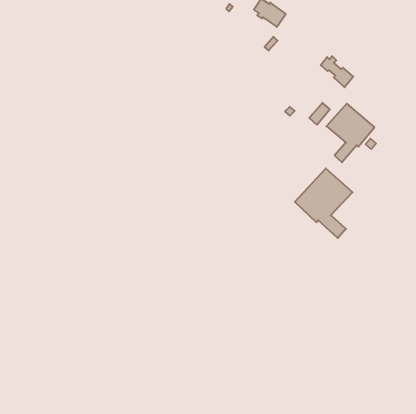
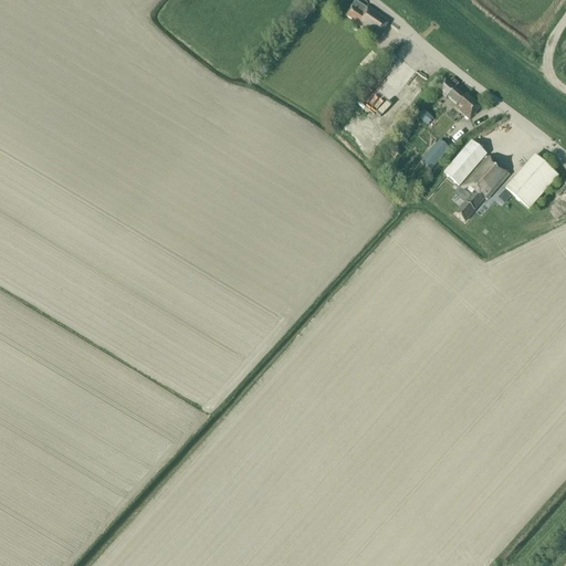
building: none -> [505,154,557,208]
building: [295,168,353,238] -> none

